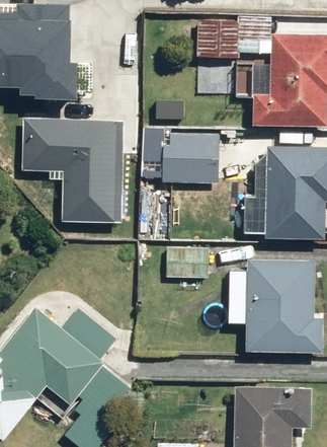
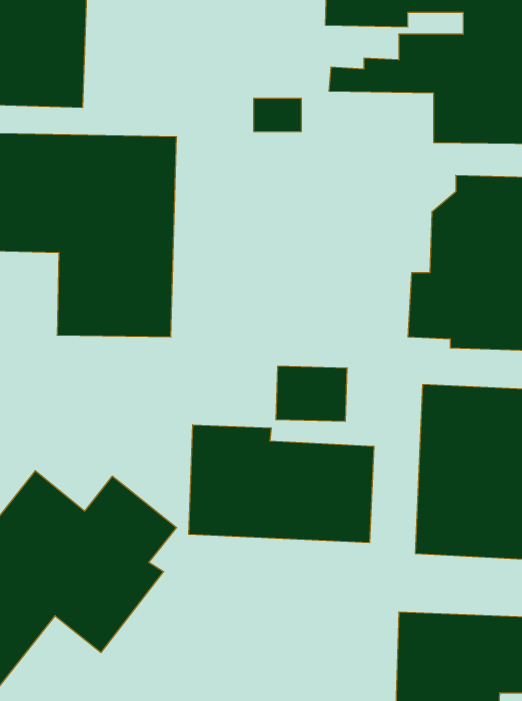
building: [164,131,220,183] -> none
building: none -> [189,425,374,543]

